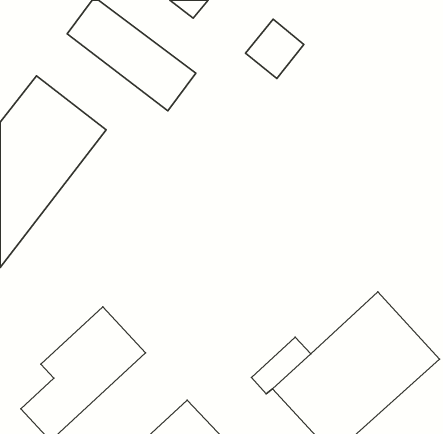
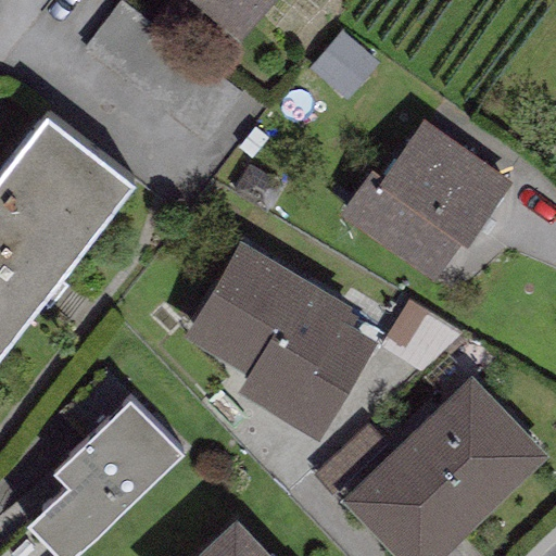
building: none -> [339,122,511,287]
building: none -> [185,242,377,442]

